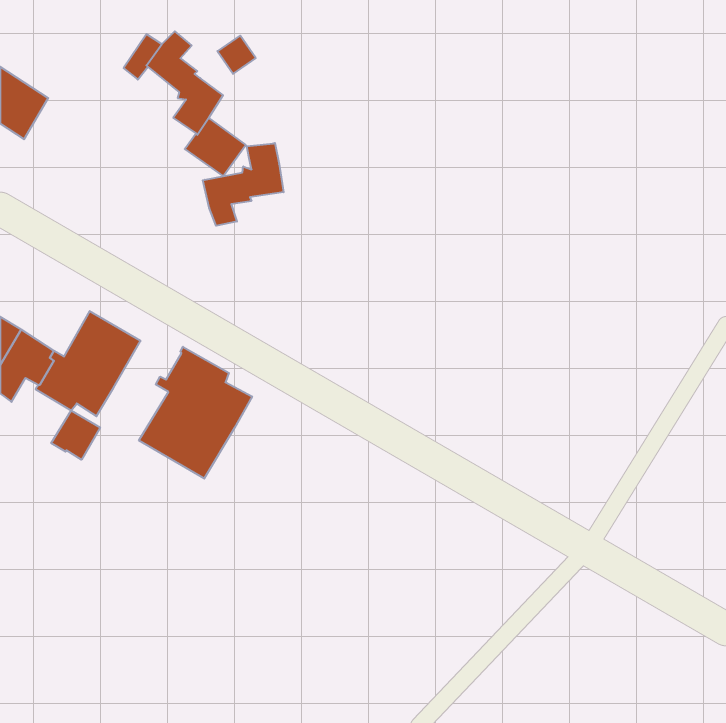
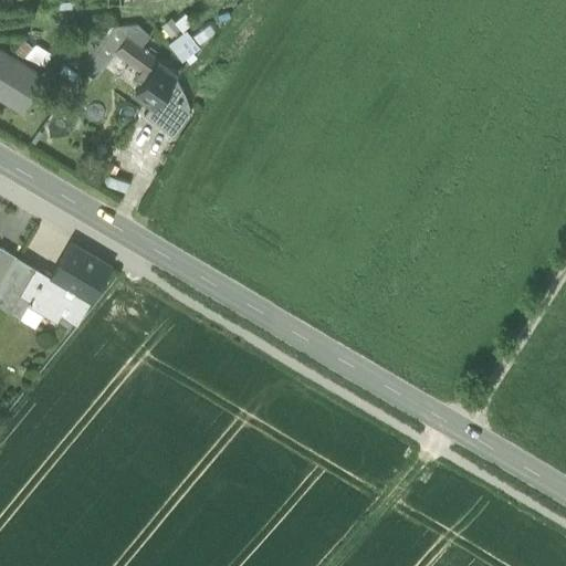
building: [203,143,284,226] -> none
building: [139,347,252,479] -> none
building: [51,411,100,460] -> none

